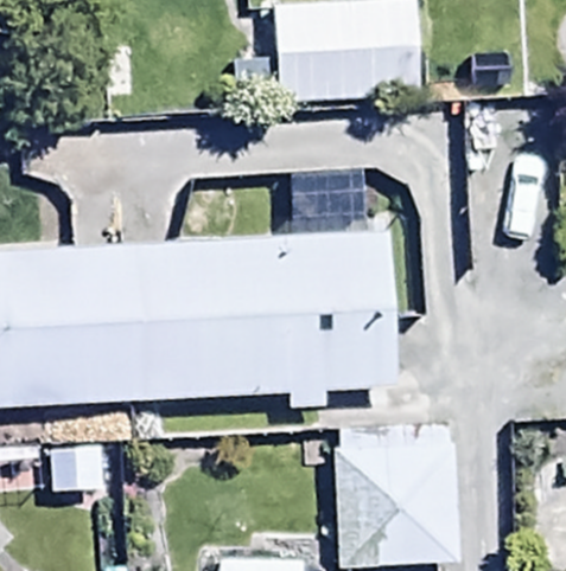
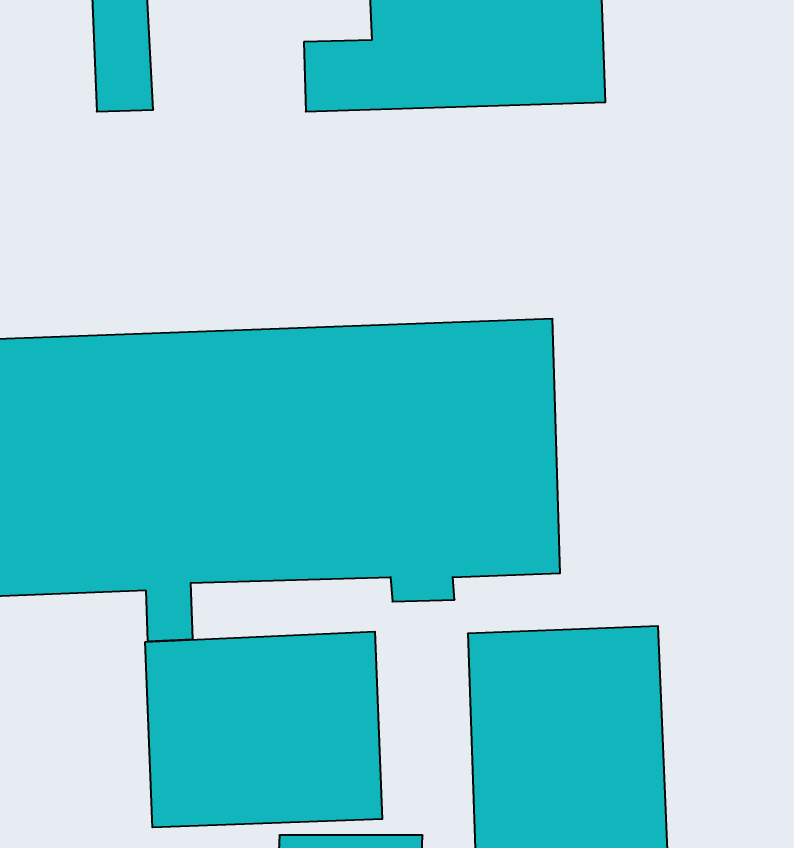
building: none -> [145,632,382,827]

